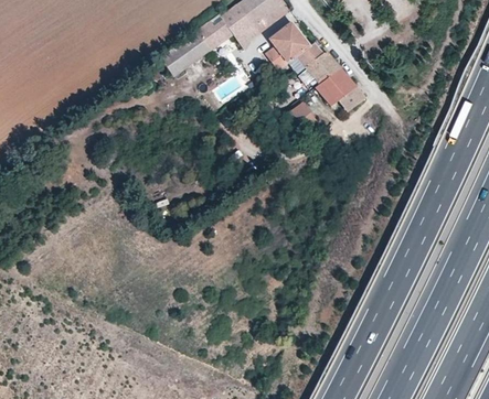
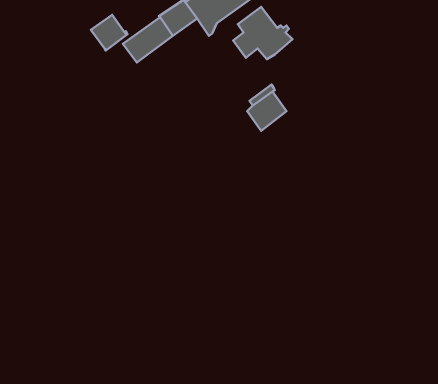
building: none -> [91,15,127,50]
building: [306,51,365,110] -> none

